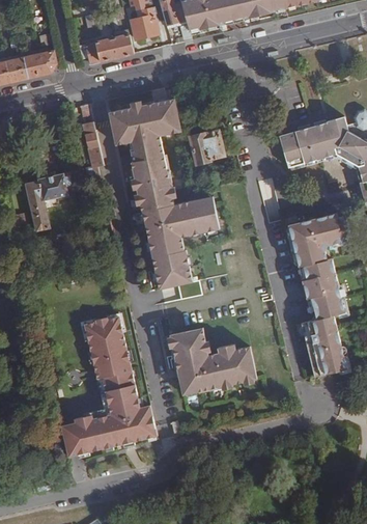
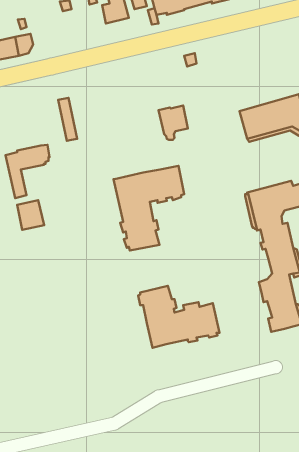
building: [78,34,133,64] -> none
building: [109,96,180,210] -> none
building: none -> [17,200,44,230]
building: [57,319,157,457] -> none

